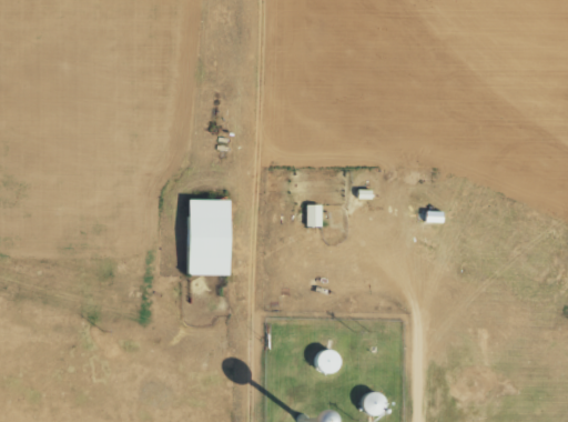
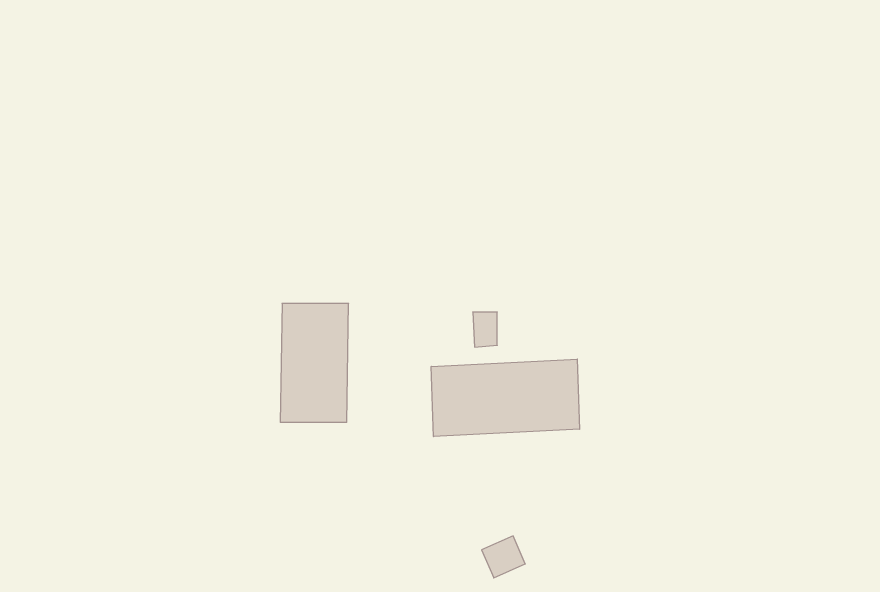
building: none -> [431,359,580,437]

